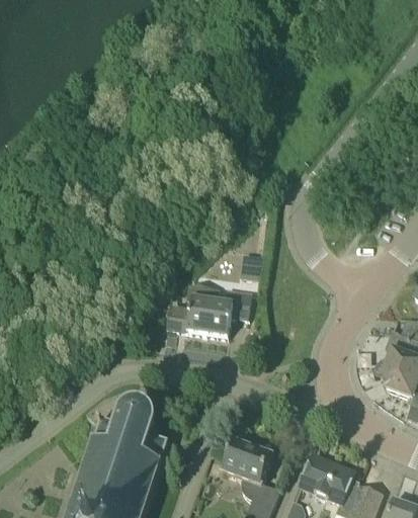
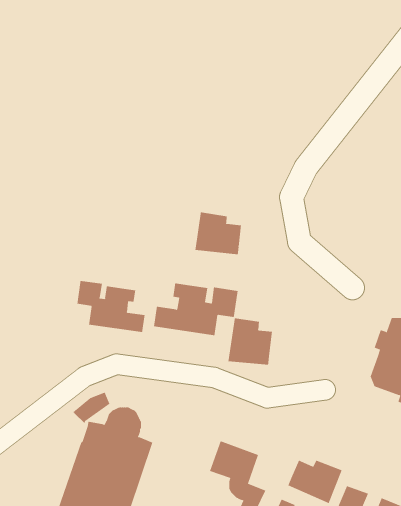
building: none -> [195,212,242,255]
building: none -> [77,280,145,333]
building: none -> [228,317,272,366]

